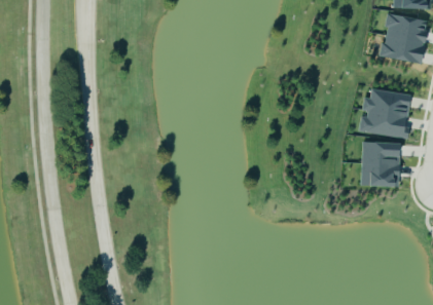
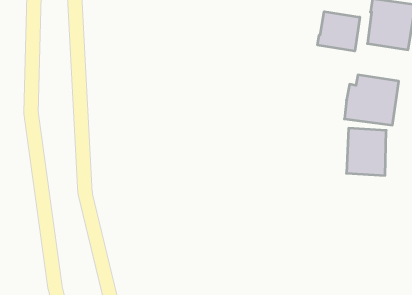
building: none -> [318,12,360,51]

